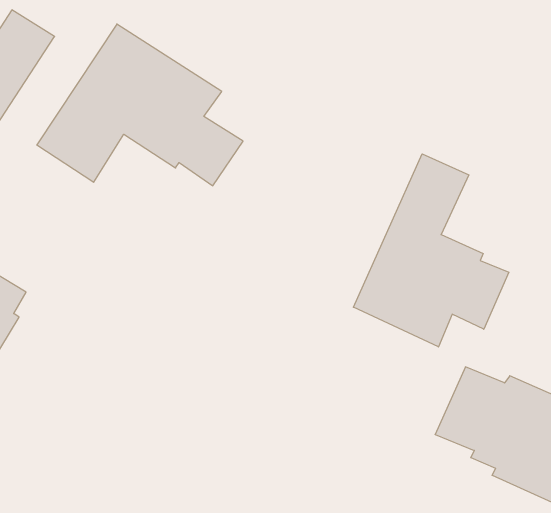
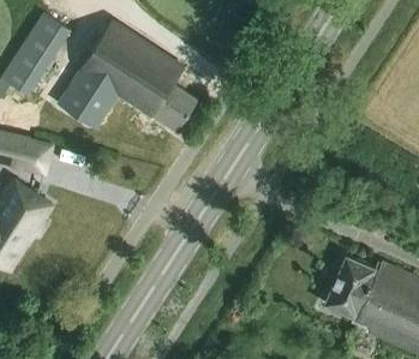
building: [353,154,509,347] -> none

